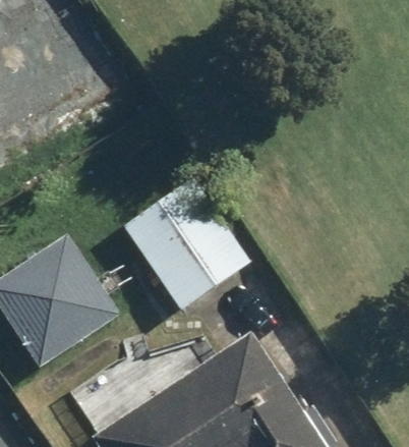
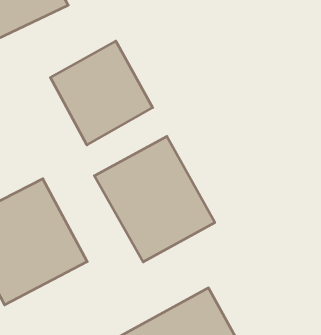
building: none -> [50,41,153,145]

